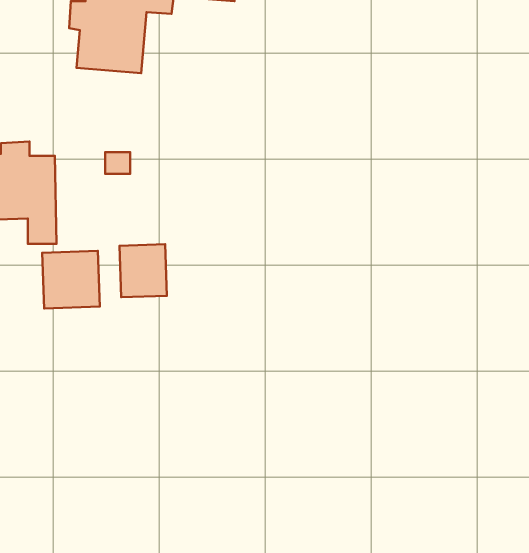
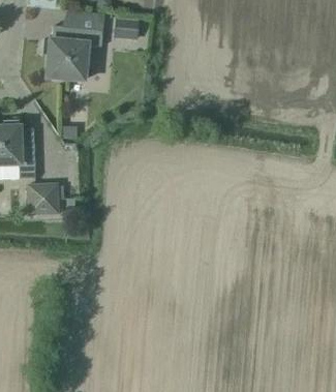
building: [120,244,167,297] -> none

